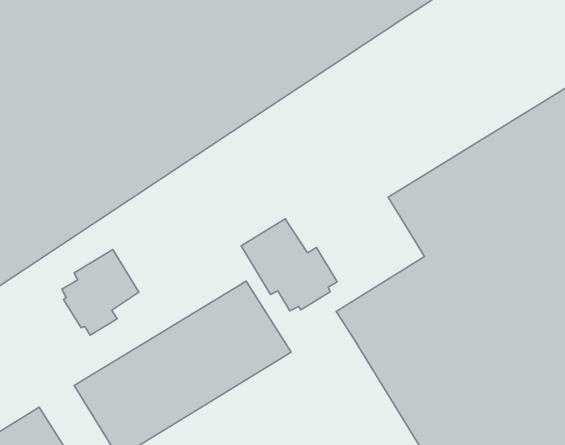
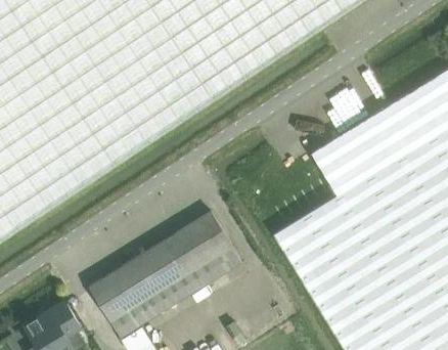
building: [241,219,337,311] -> none
building: [62,249,139,335] -> none

